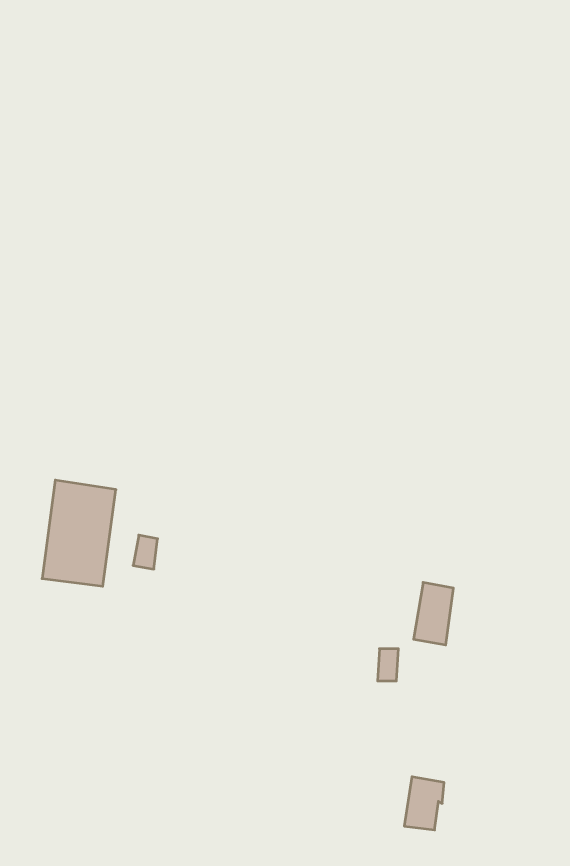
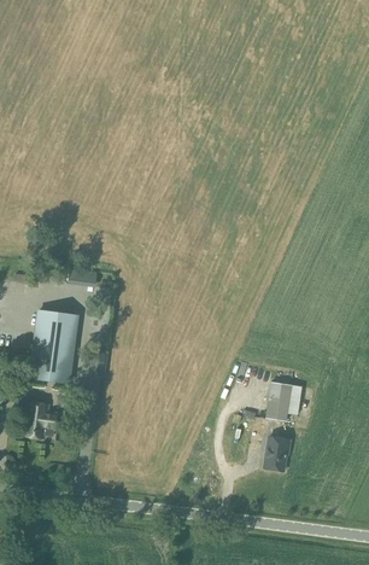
building: none -> [22,401,57,437]
building: [404,777,444,830] -> [265,435,291,468]

